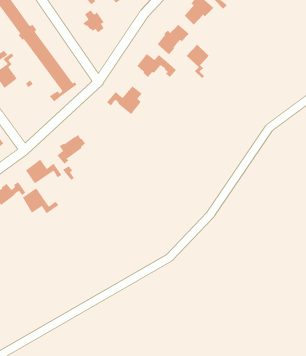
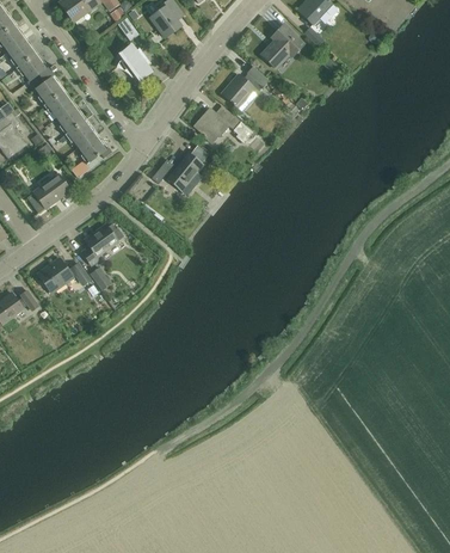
building: [186,44,209,79] -> none
building: none -> [26,173,70,213]
building: [22,188,59,214] -> none

